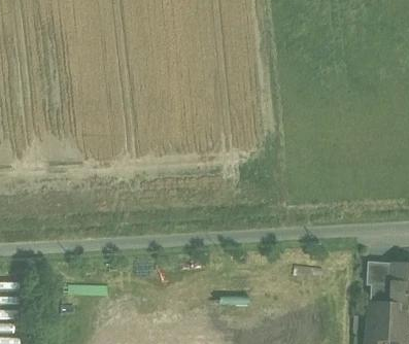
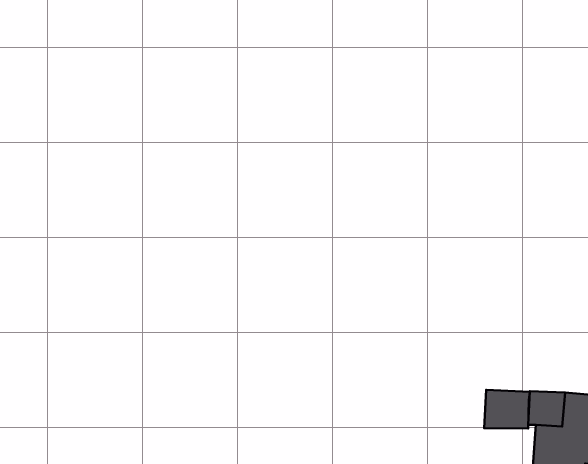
building: none -> [484,390,530,428]

